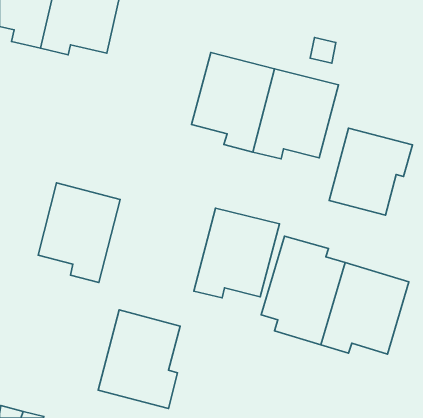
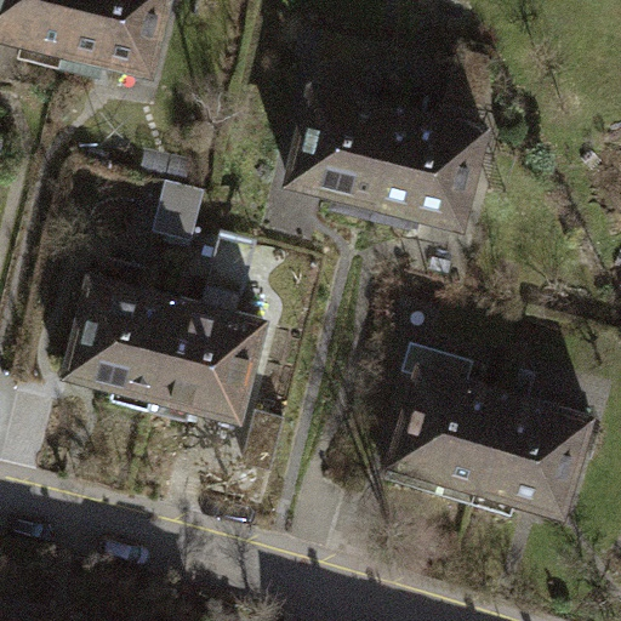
building: [329,128,412,215] -> none
building: [194,208,279,298] -> [144,291,269,422]
building: [98,310,180,409] -> none

